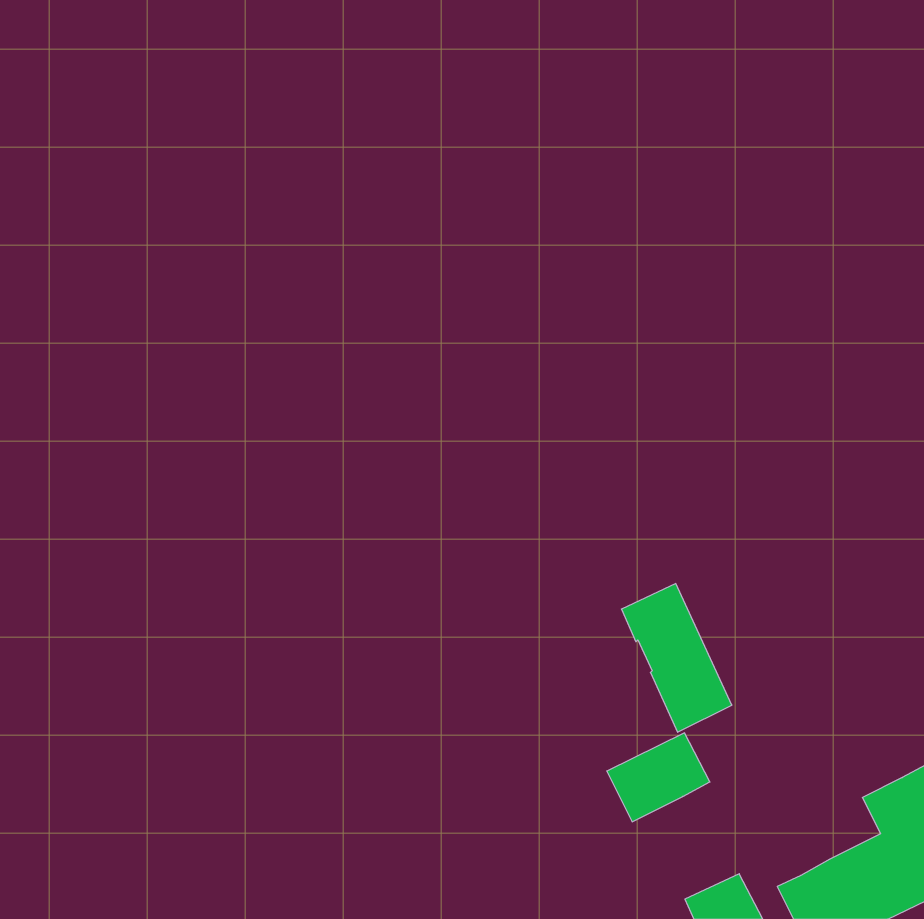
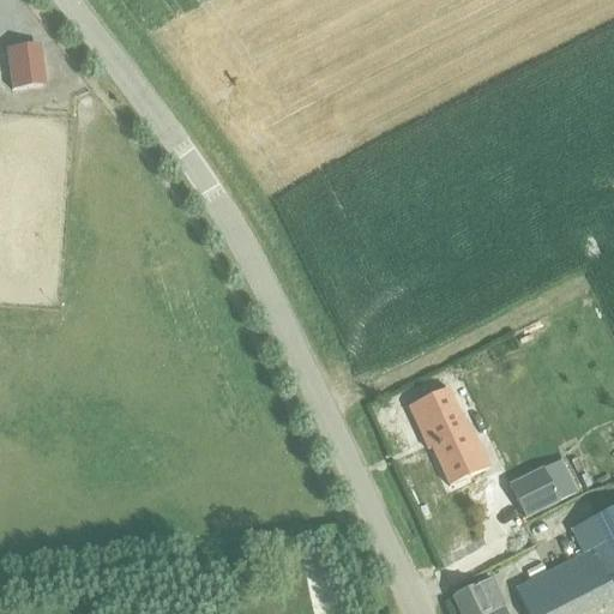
building: none -> [7,43,43,86]
building: [607,733,710,822] -> [510,457,578,516]

